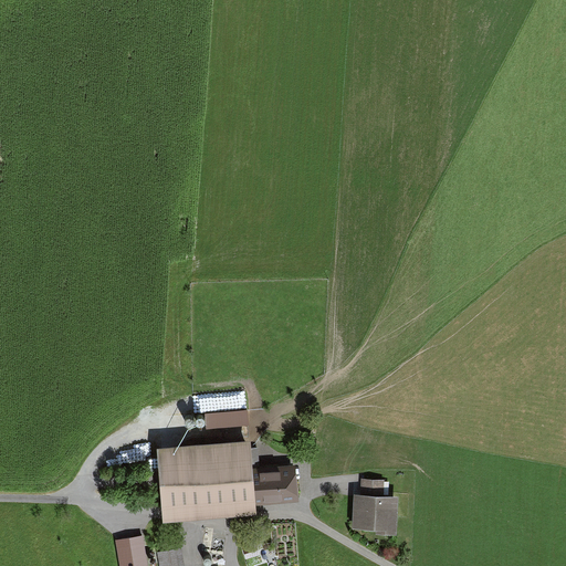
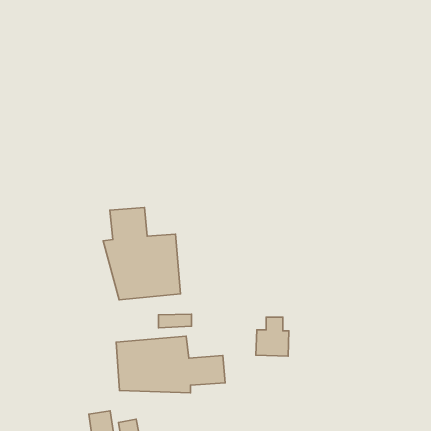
building: none -> [103,207,180,300]
building: [353,482,396,533] -> [256,317,289,356]

